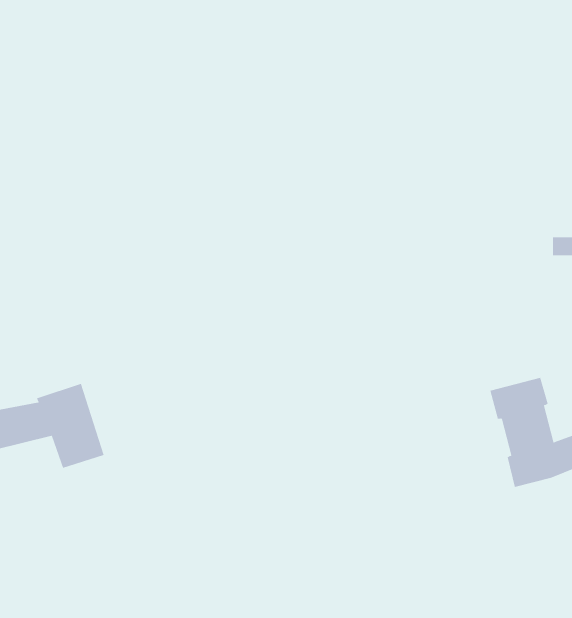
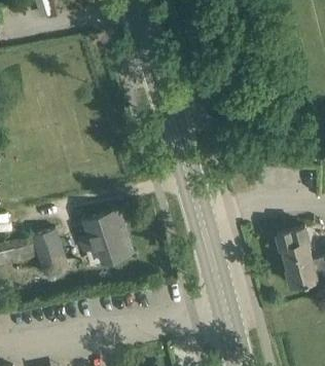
building: none -> [80,211,124,262]

